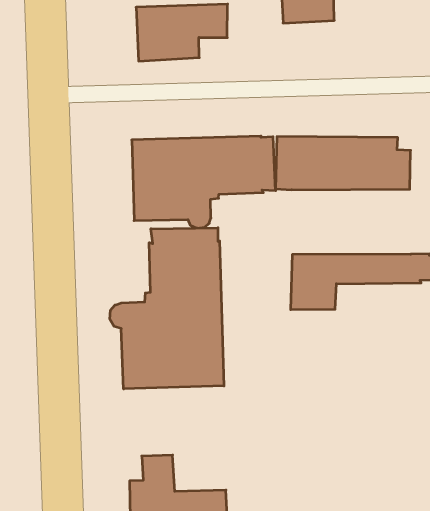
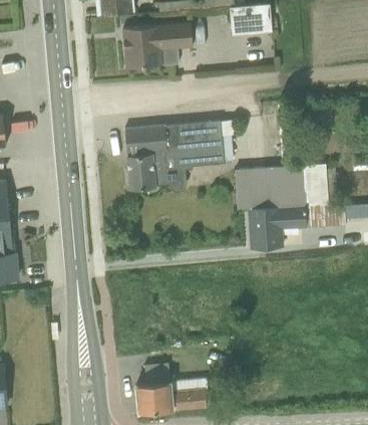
building: [275,137,411,190] -> [236,165,337,208]
building: [110,228,224,389] -> none

